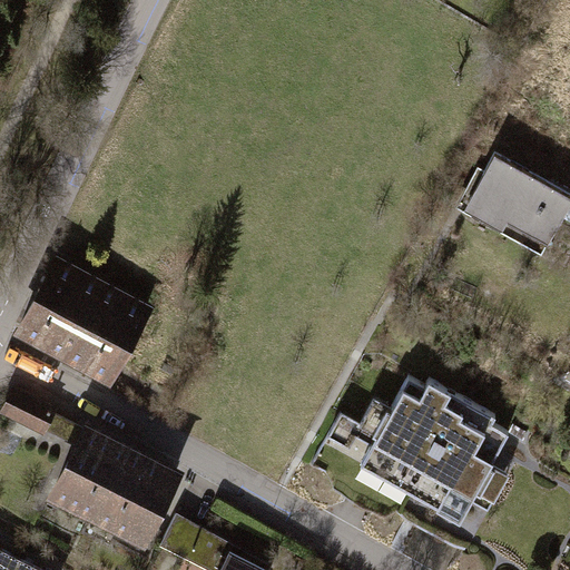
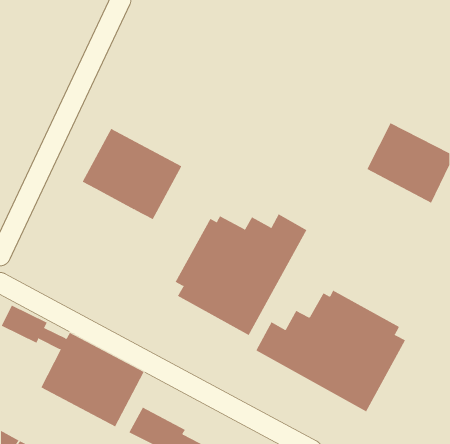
building: [21,265,148,381] -> [82,128,182,220]
building: none -> [175,214,307,336]

